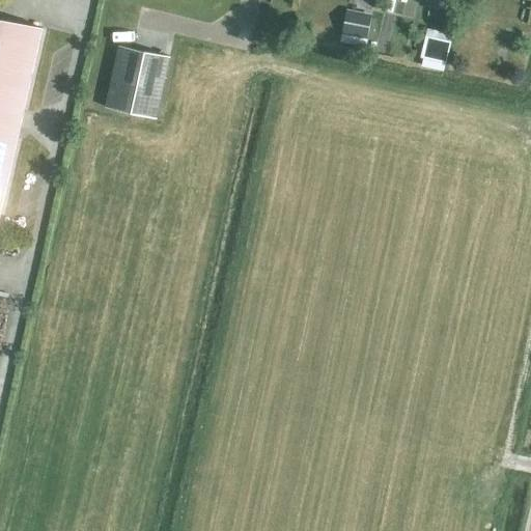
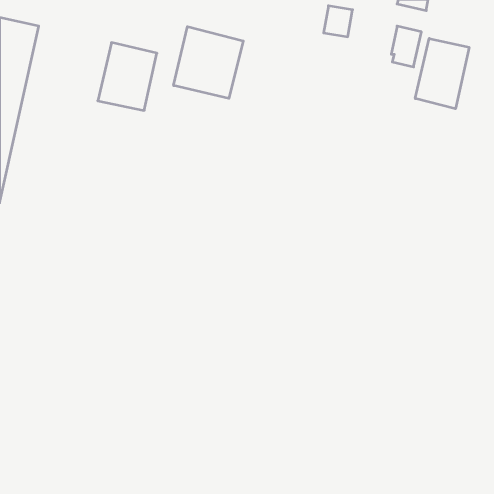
building: none -> [174,27,243,98]
building: none -> [415,38,469,109]

